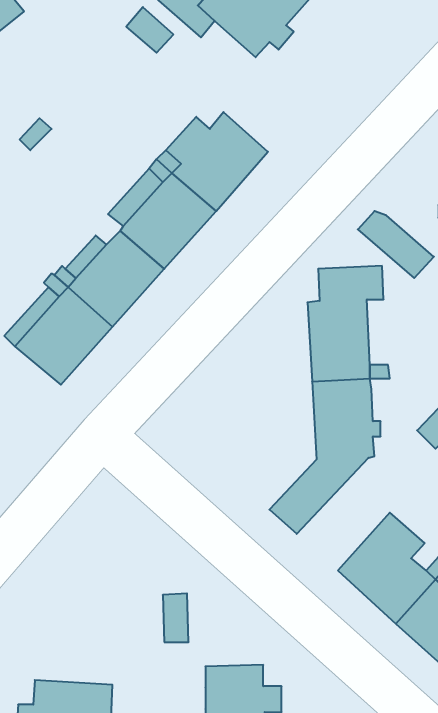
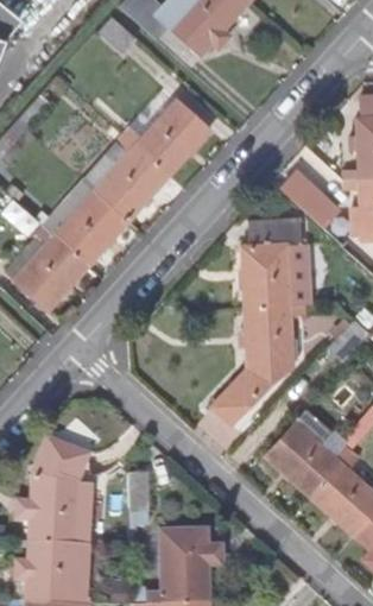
building: none -> [15,437,93,544]

